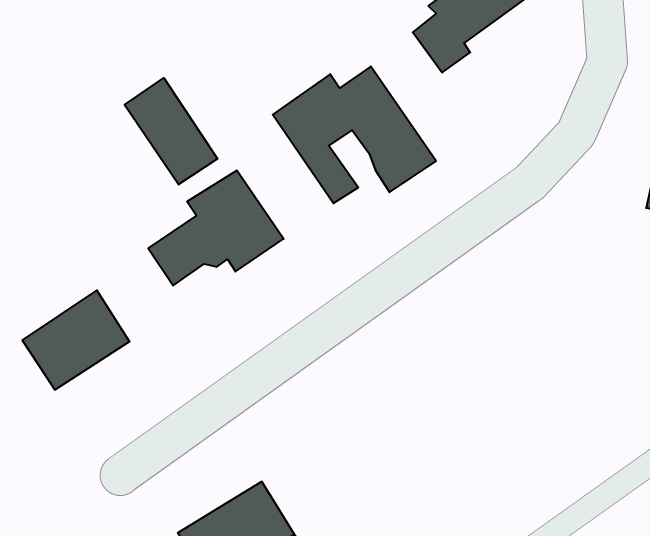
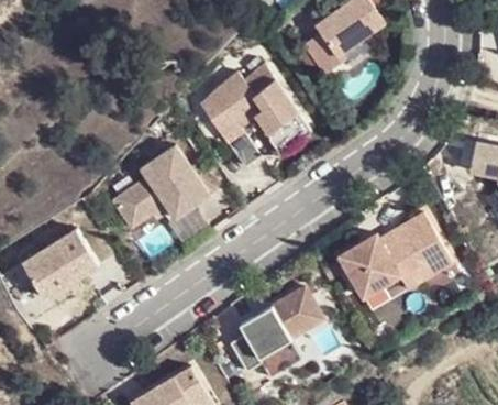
building: [125,78,217,185] -> none
building: none -> [342,217,456,304]
building: none -> [218,280,322,376]

